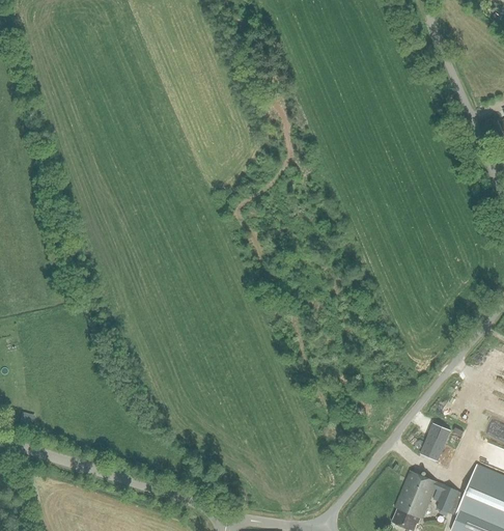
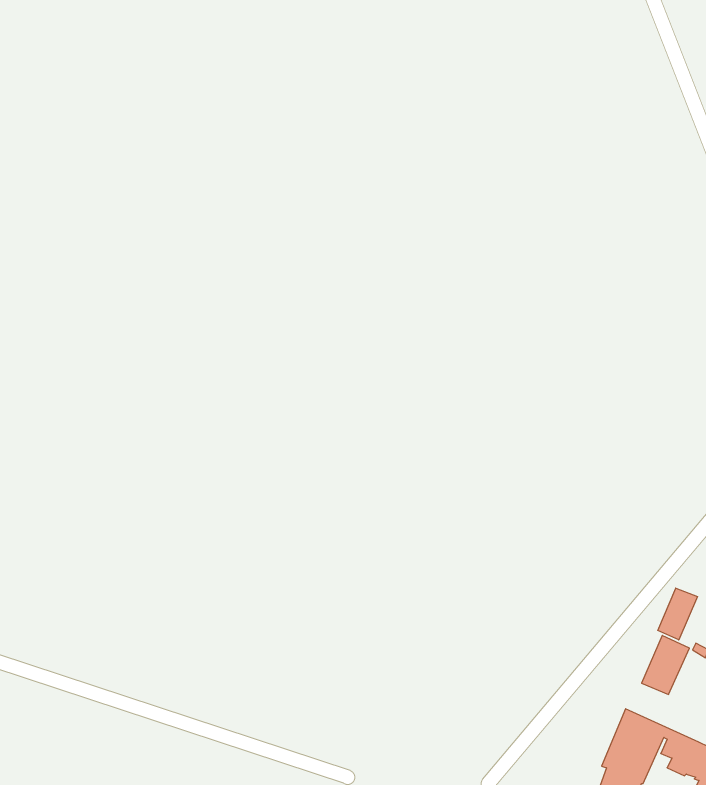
building: none -> [658,588,698,640]

